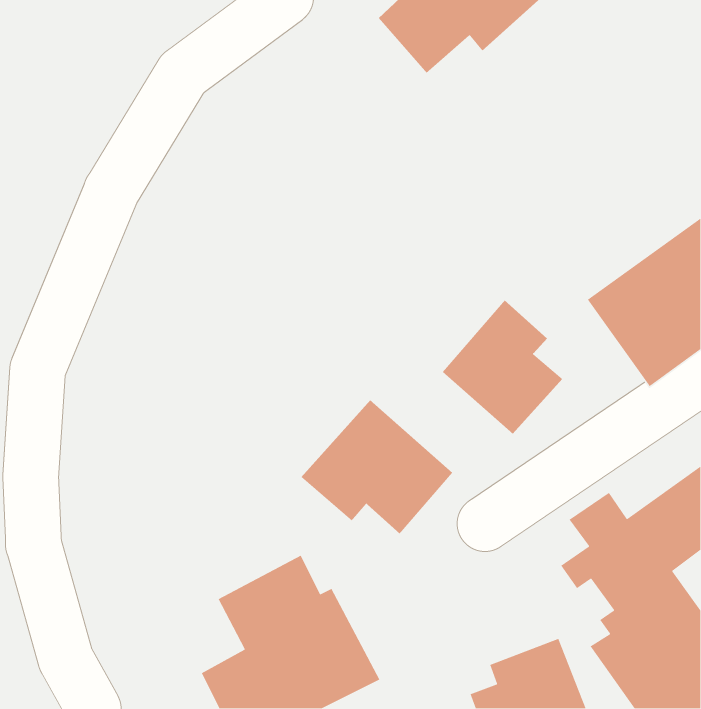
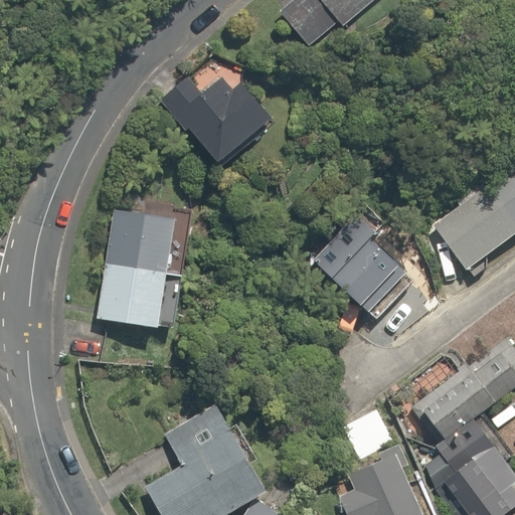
building: none -> [152,66,287,175]
building: none -> [102,208,187,333]
building: [300,400,453,535] -> none

